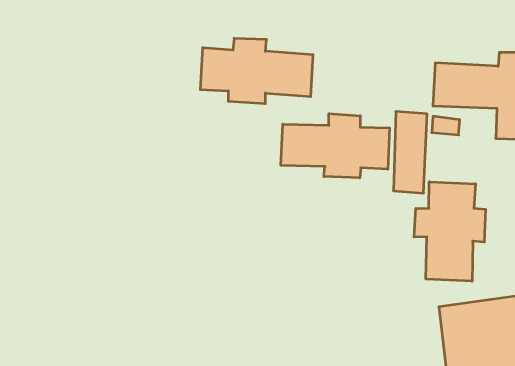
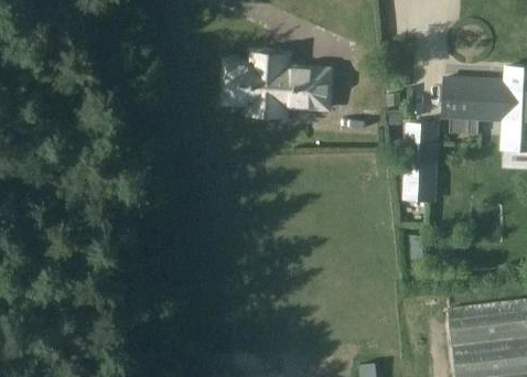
building: [281,114,390,178] -> none
building: [414,182,485,281] -> none

